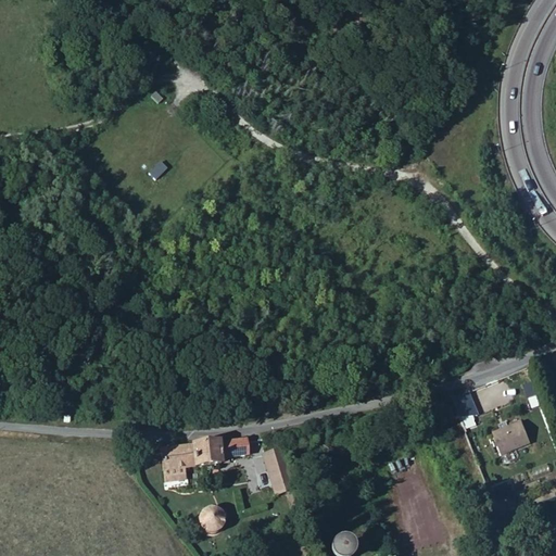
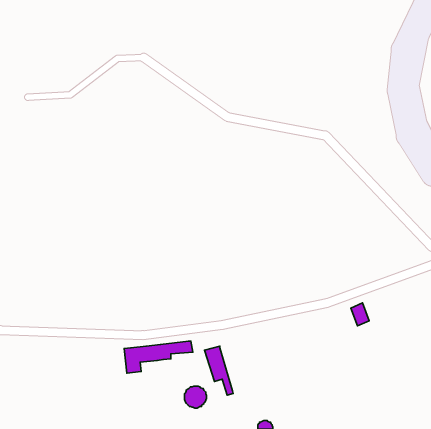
building: [493,421,531,456] -> none
building: [198,503,226,531] -> [185,386,207,408]

